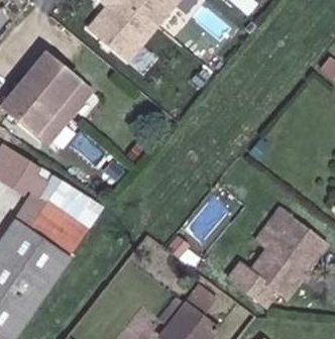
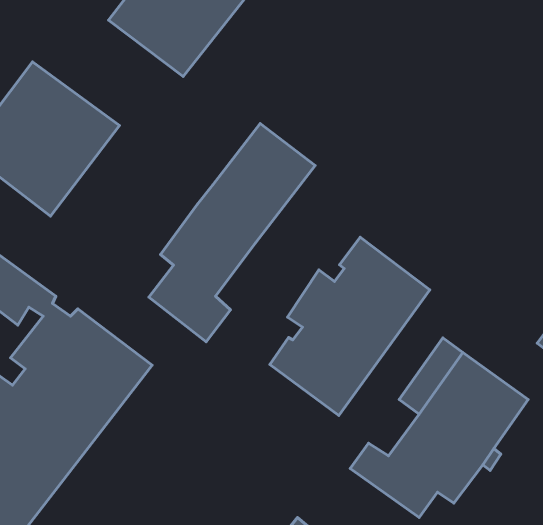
building: none -> [149,124,315,342]
building: none -> [270,237,430,415]

